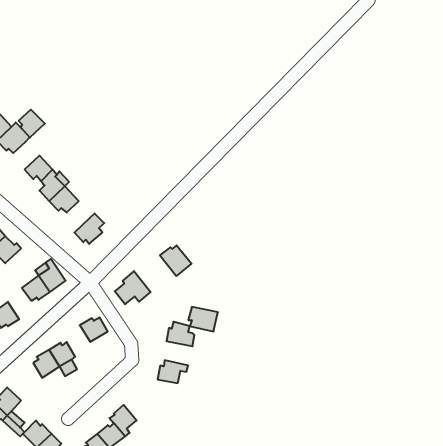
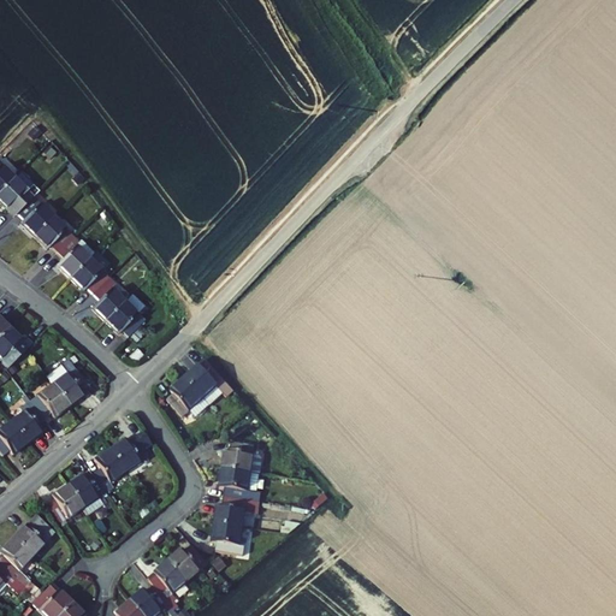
building: [19,110,45,138] -> [18,196,54,235]
building: none -> [89,278,123,321]
building: [160,245,192,276] -> [184,361,227,403]
building: none -> [11,397,43,440]
building: [188,307,218,331] -> [224,470,265,504]
building: none -> [91,449,124,492]
building: none -> [10,513,52,552]
building: none -> [212,523,244,558]
building: none -> [170,545,209,580]

